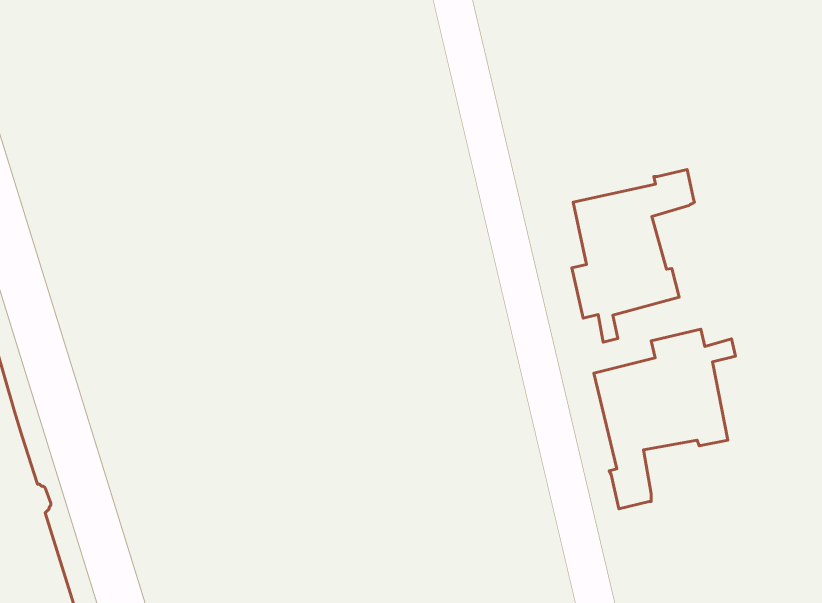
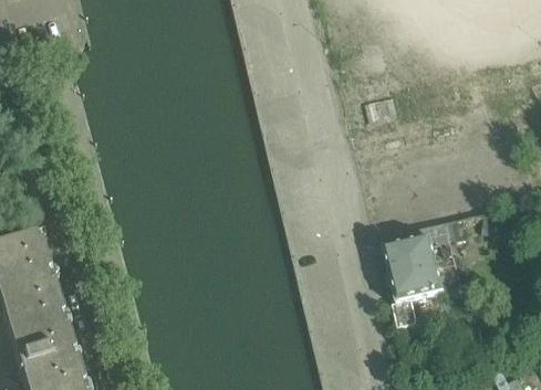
building: [572,169,695,342] -> none

